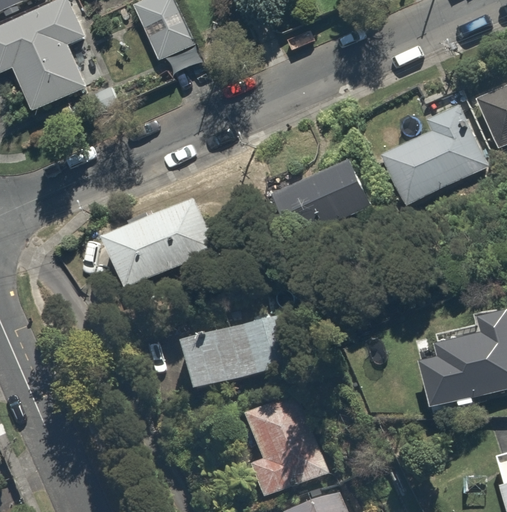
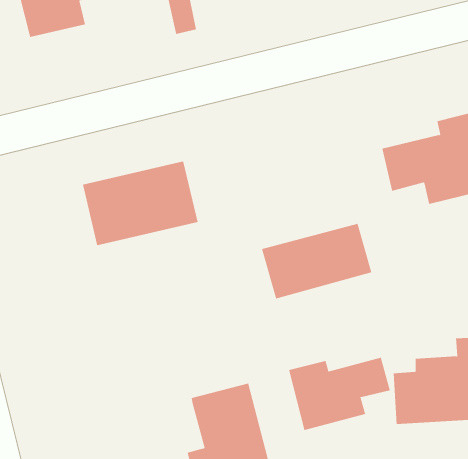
building: [270,155,376,238] -> [261,223,372,299]
building: [179,313,297,395] -> none
building: none -> [288,357,390,431]

